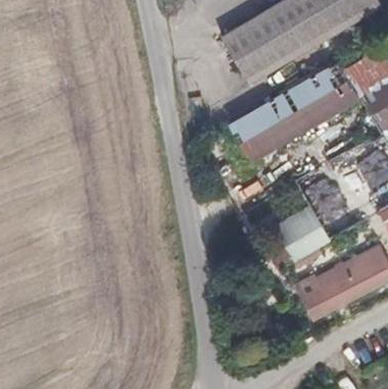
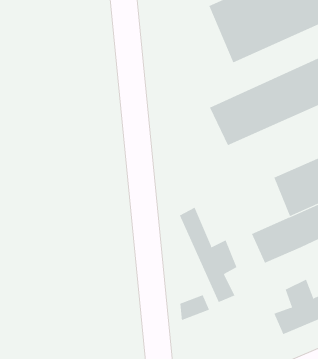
building: none -> [179,207,237,303]

